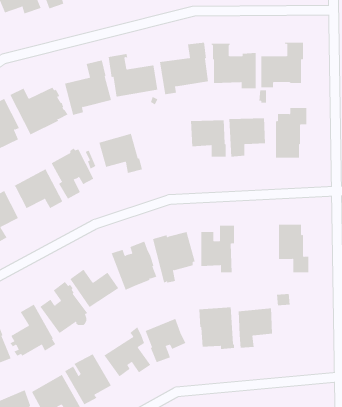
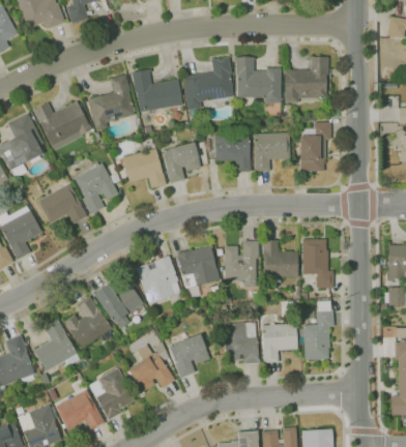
building: none -> [162,143,201,183]
building: none -> [263,241,298,278]
building: none -> [299,301,334,360]

